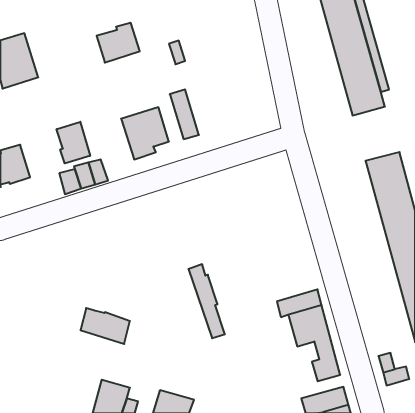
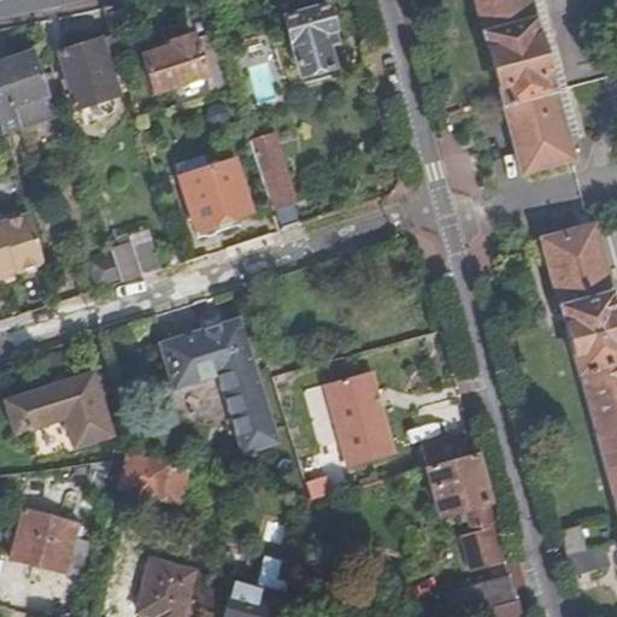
building: none -> [286,6,339,76]
building: none -> [61,34,121,106]
building: [57,122,90,163] -> none
building: none -> [161,321,277,451]
building: none -> [324,369,396,465]
building: none -> [5,374,113,451]
building: none -> [11,510,77,571]

